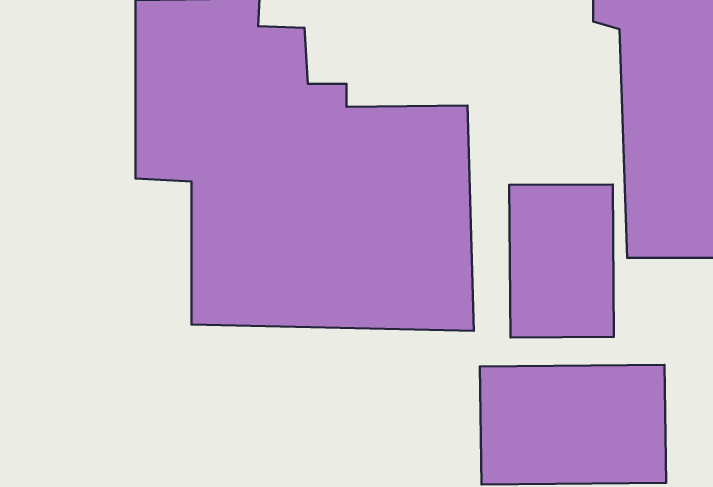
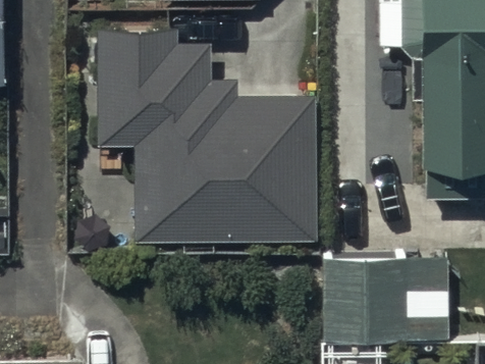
building: [509,184,614,337] -> none

